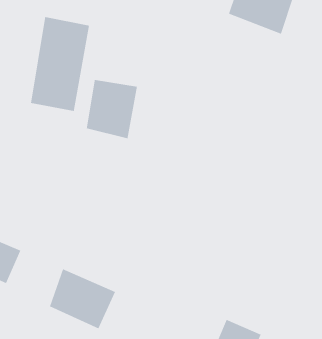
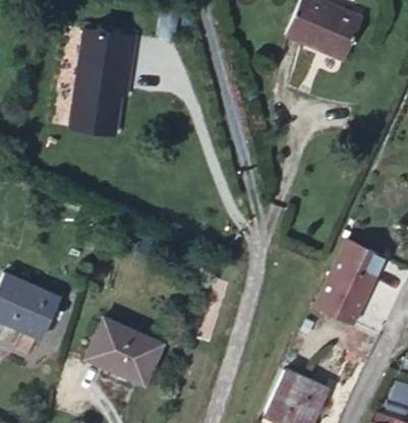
building: [86,79,137,139] -> none
building: none -> [317,245,382,325]

